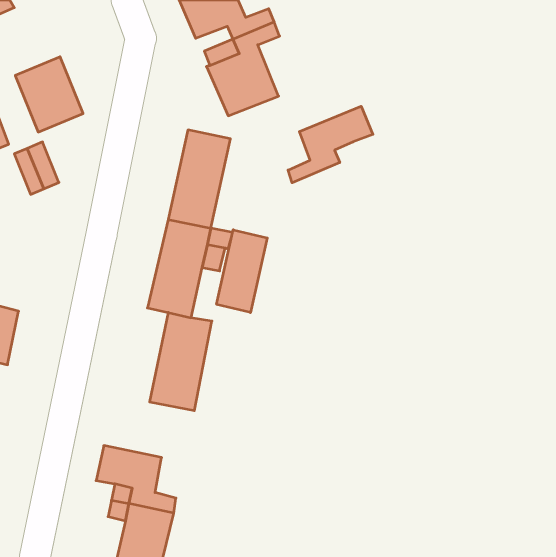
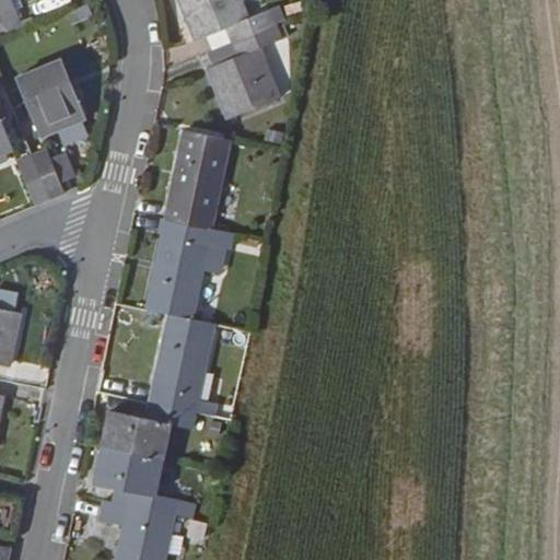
building: [288,106,373,183] -> none
building: [217,230,267,313] -> none
building: none -> [104,404,195,459]

